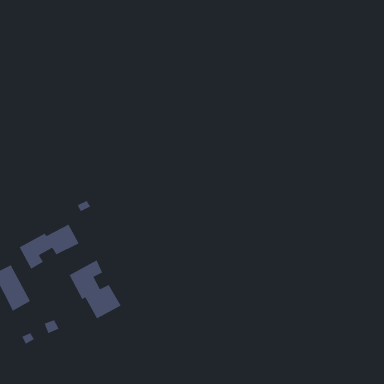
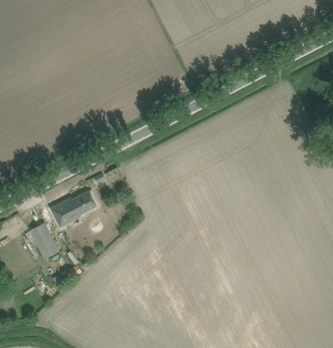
building: [69,260,122,319] -> none

